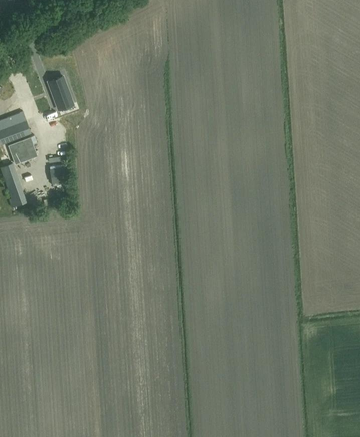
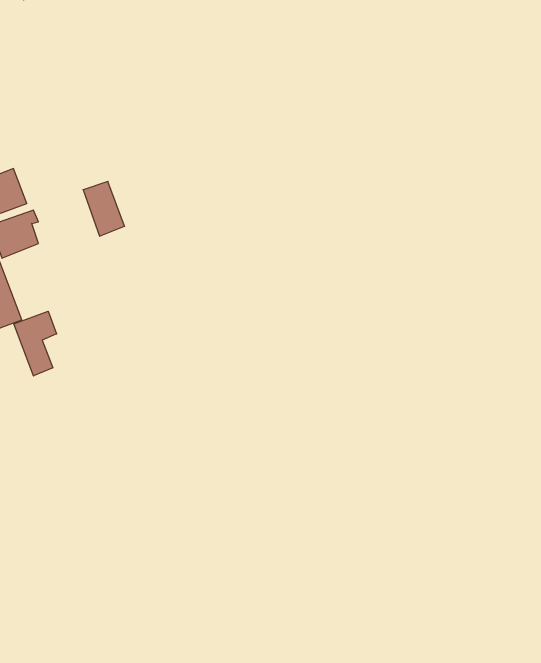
building: [48,77,73,110] -> [83,181,125,236]
building: none -> [14,311,57,376]

